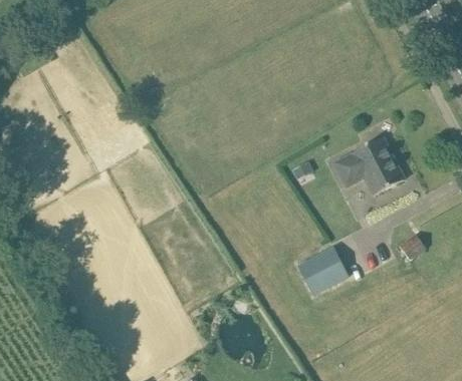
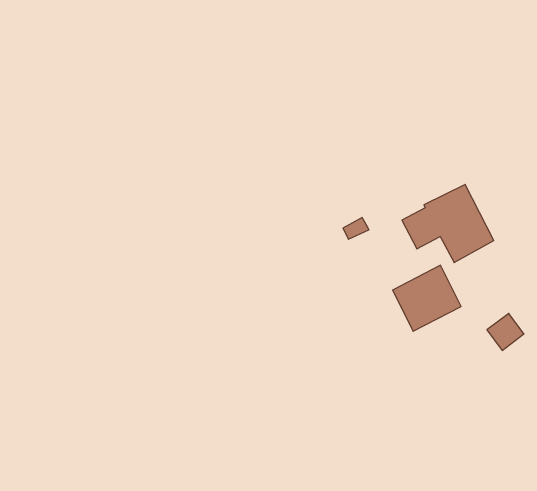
building: [297,248,348,296] -> [393,265,461,331]

